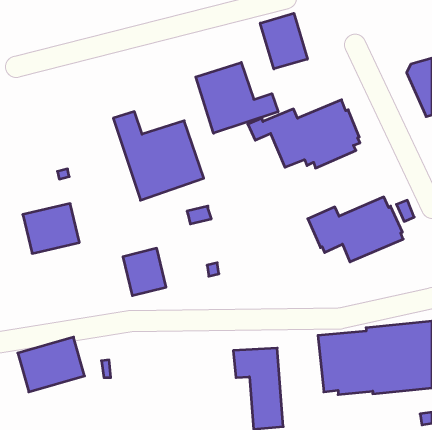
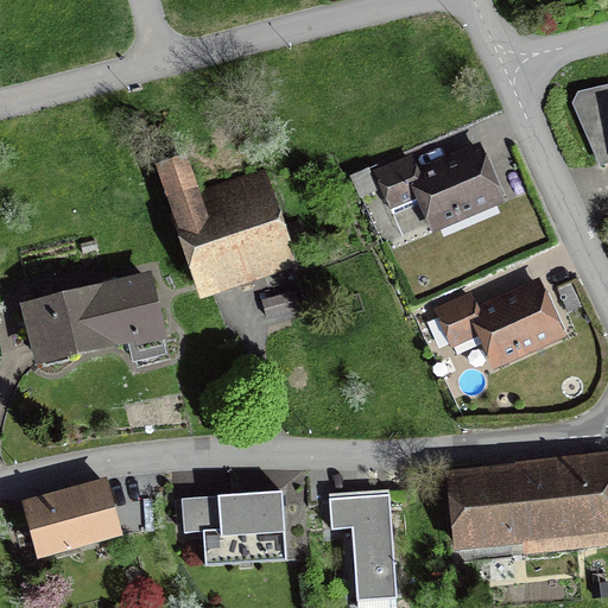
building: [260,13,307,69] -> none
building: [196,62,278,133] -> none
building: [123,248,166,296] -> [99,274,159,341]
building: none -> [180,492,287,568]

